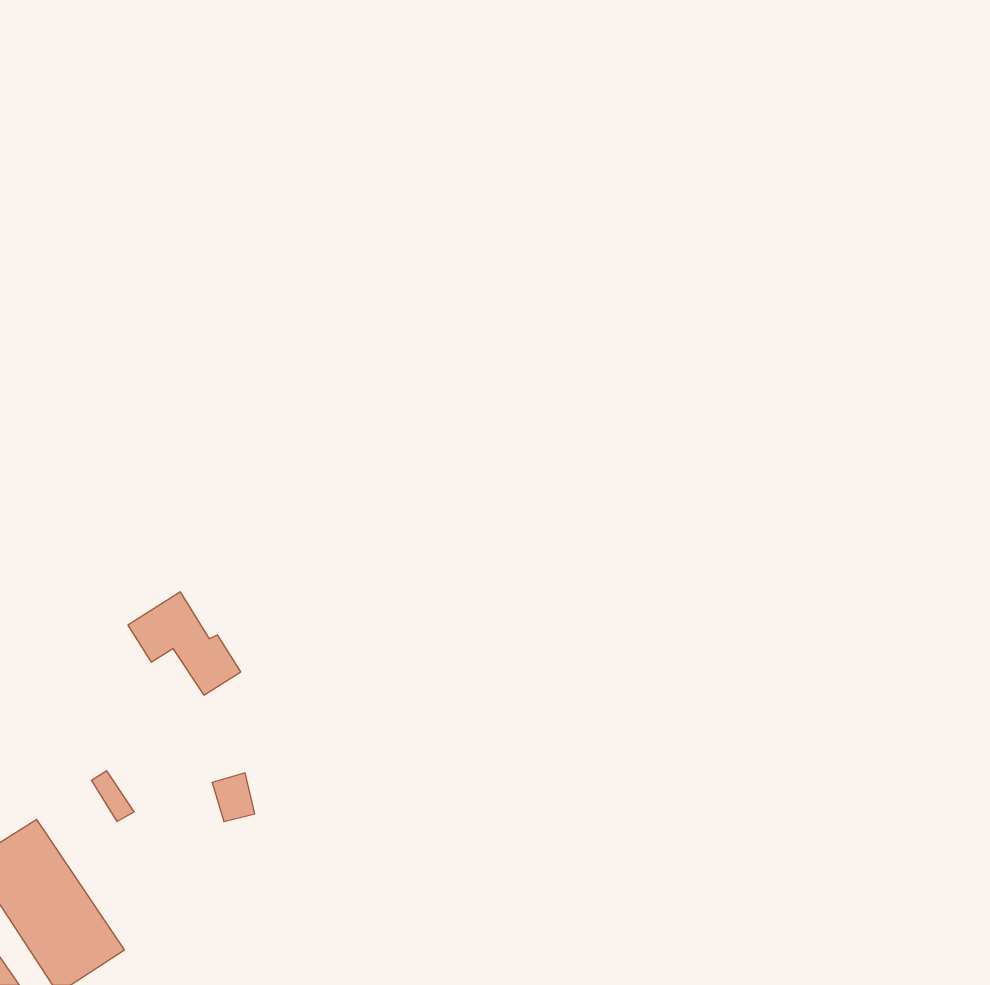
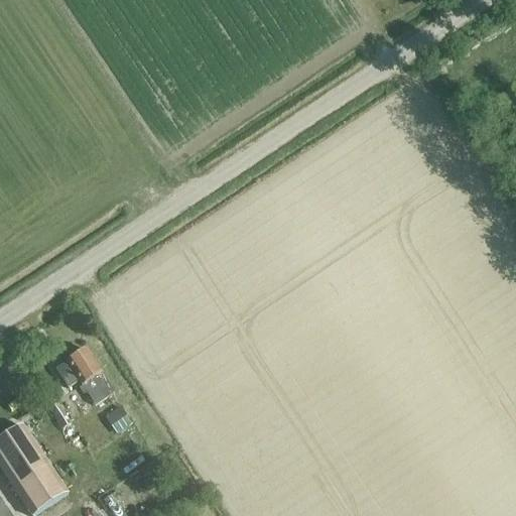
building: [128,592,241,695] -> [53,349,112,402]

